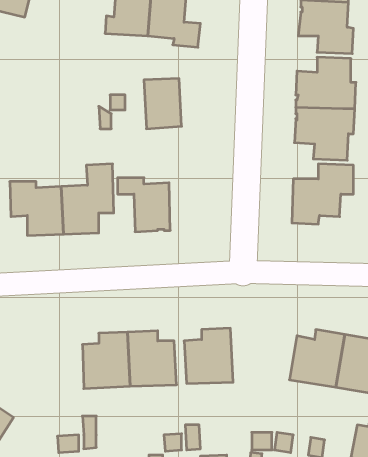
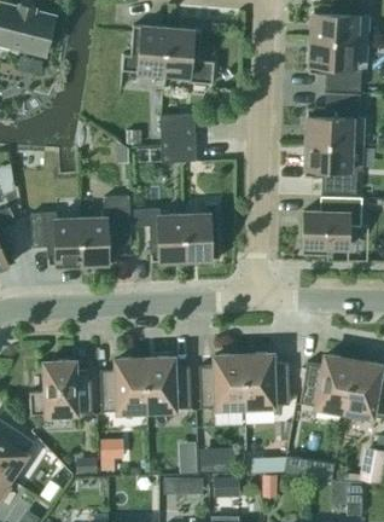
building: none -> [184,204,219,261]
building: none -> [243,354,290,407]
building: none -> [29,361,92,416]

